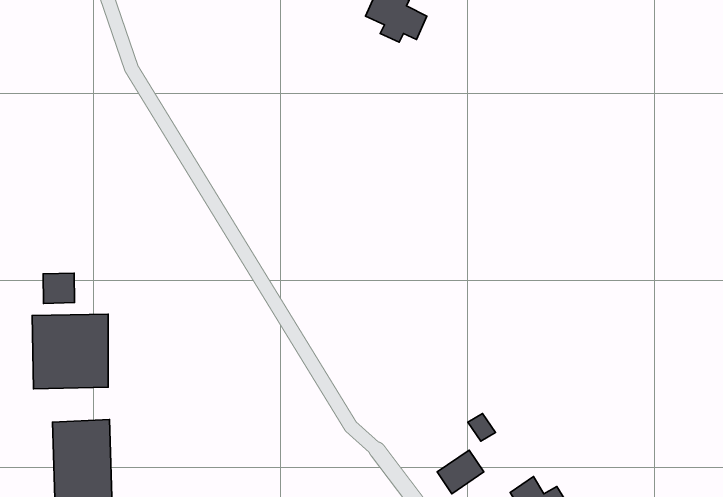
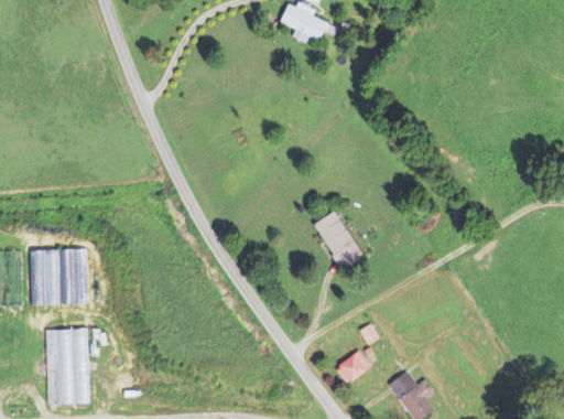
building: none -> [316,211,364,271]
building: [43,273,75,303] -> none

